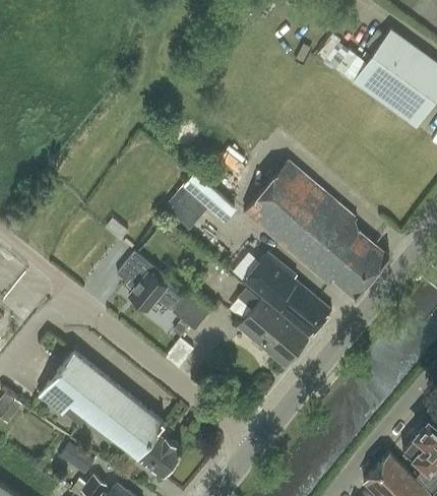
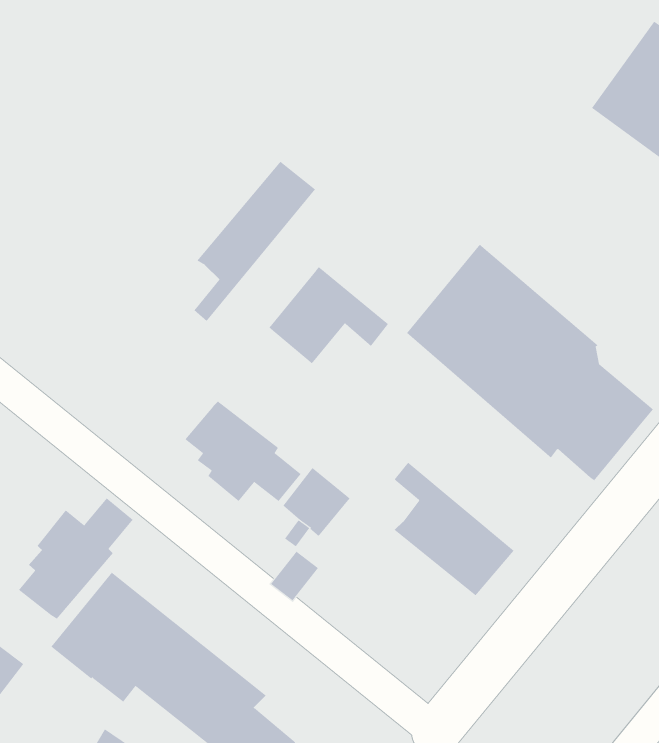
building: none -> [194,161,316,322]
building: [244,253,332,336] -> none
building: none -> [18,498,133,619]

